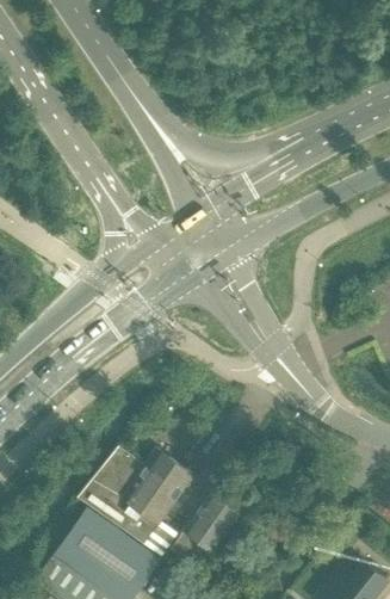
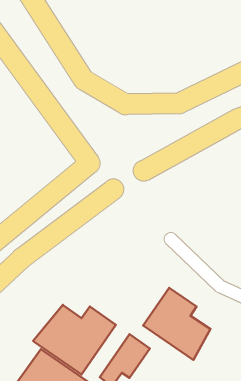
building: none -> [143,288,210,360]

